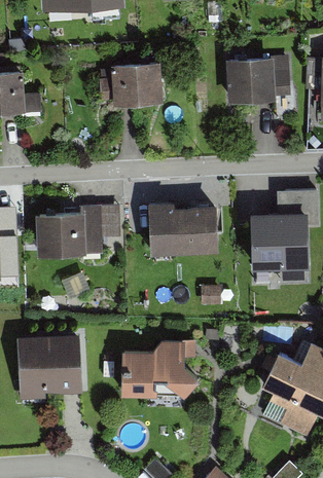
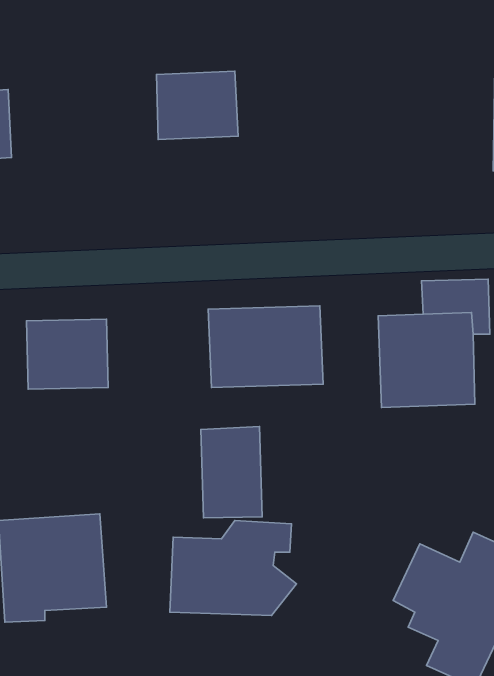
building: [225,59,295,104] -> none
building: [85,206,120,253] -> none
building: none -> [201,427,262,518]

